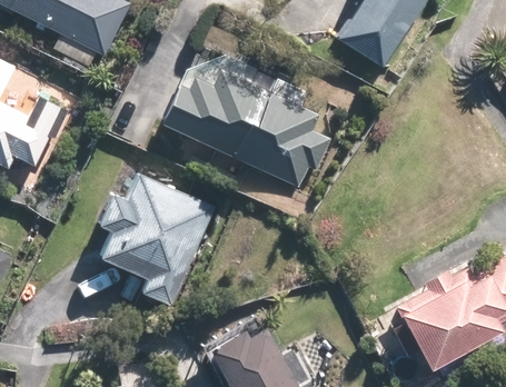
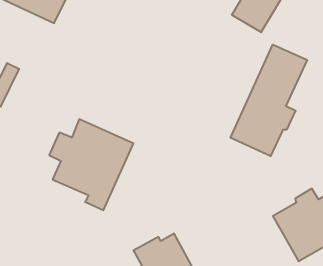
building: [162,77,319,183] -> none
building: none -> [231,45,307,156]

